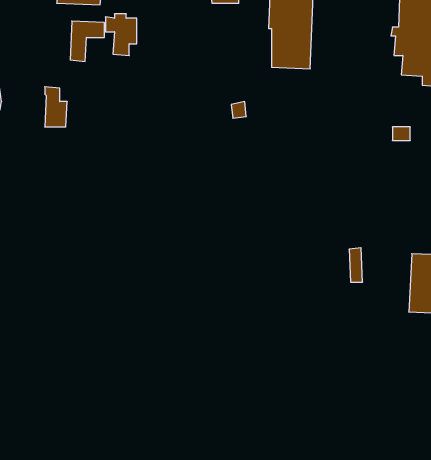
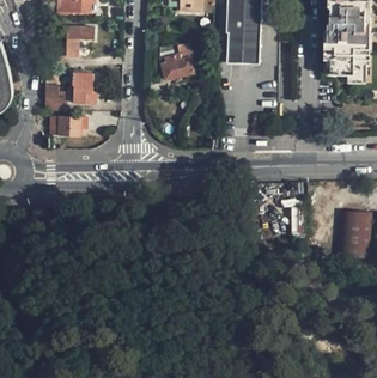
building: [105,14,137,56] -> [66,69,91,103]
building: none -> [159,42,194,80]
building: none -> [49,115,87,135]

